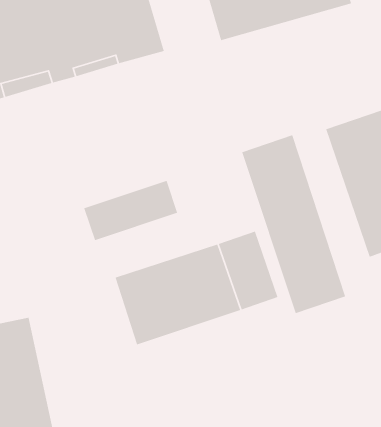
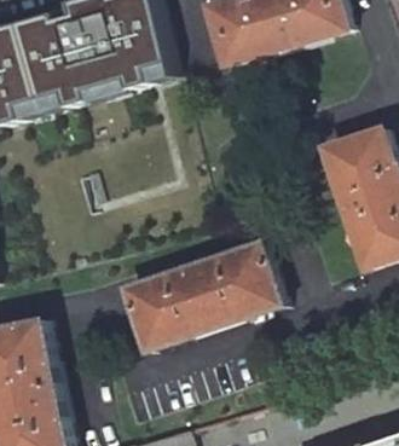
building: [241,134,346,314] -> none
building: [83,180,178,241] -> none

